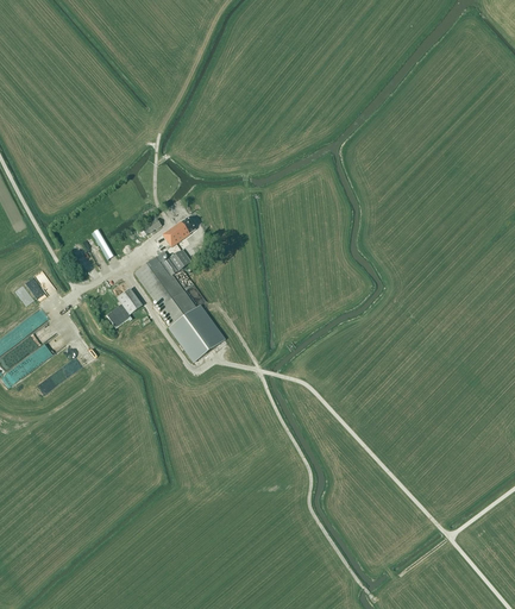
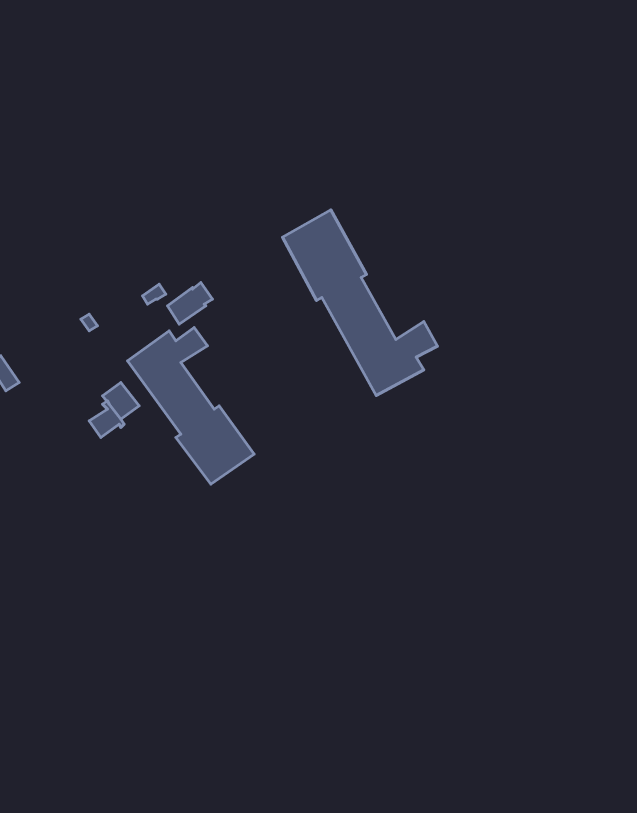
building: none -> [282,210,437,395]

